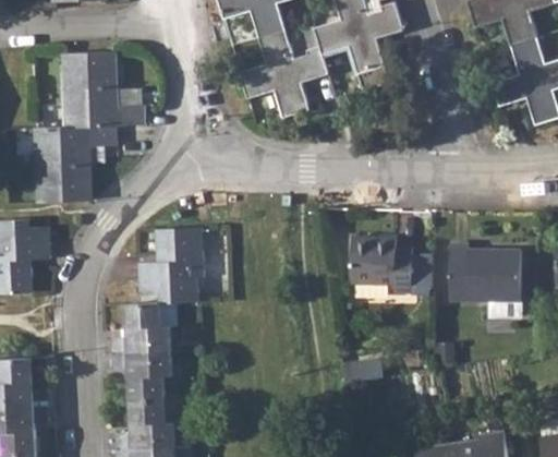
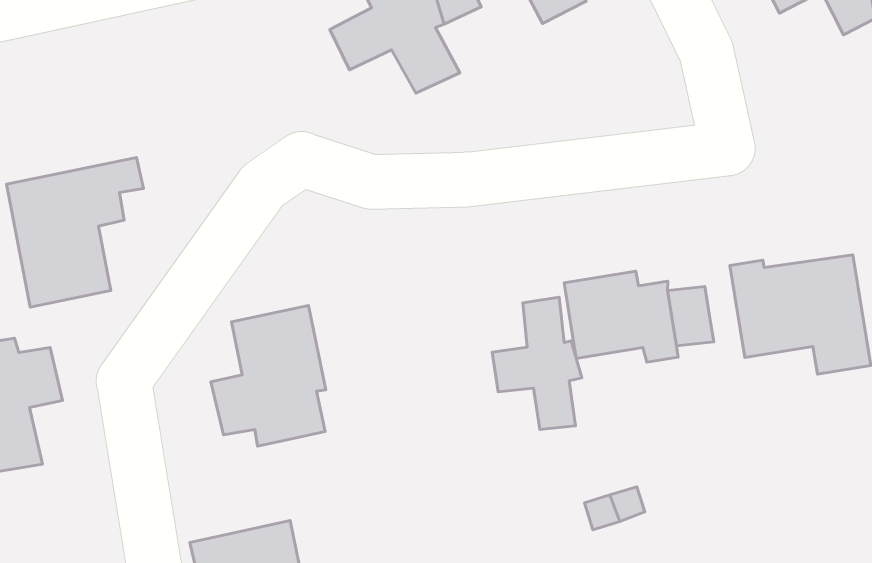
building: [63,52,147,129] -> none
building: none -> [492,297,582,429]
building: [111,303,180,353] -> none

